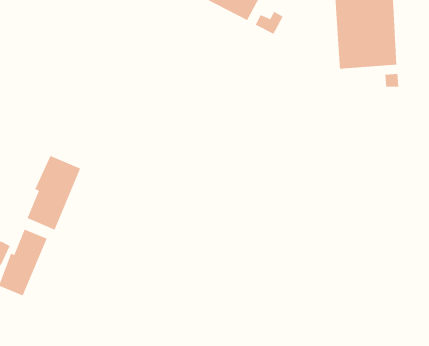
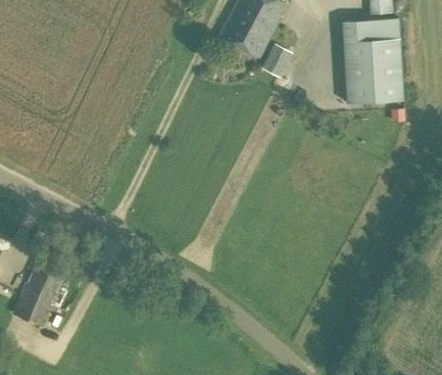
building: [27,155,81,230] -> none

